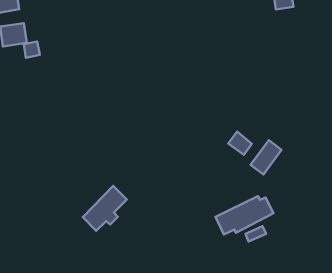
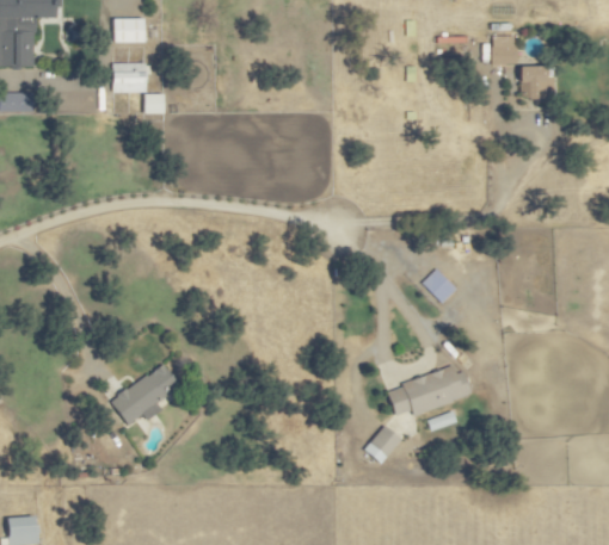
building: [251,140,282,174] -> none
building: [83,186,127,231] -> [111,363,179,425]
building: none -> [364,425,402,463]

